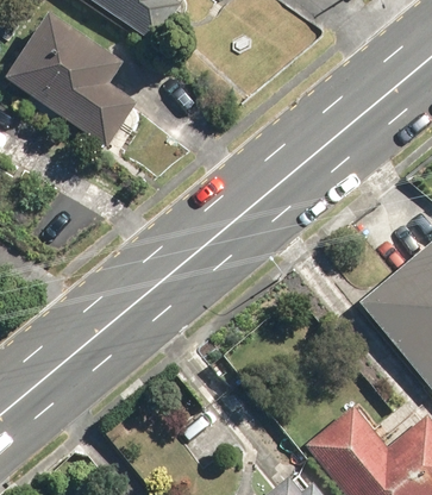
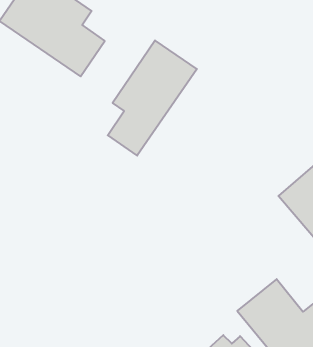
building: none -> [108,40,197,156]

